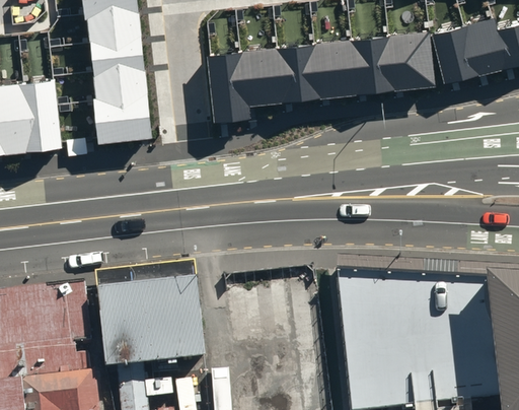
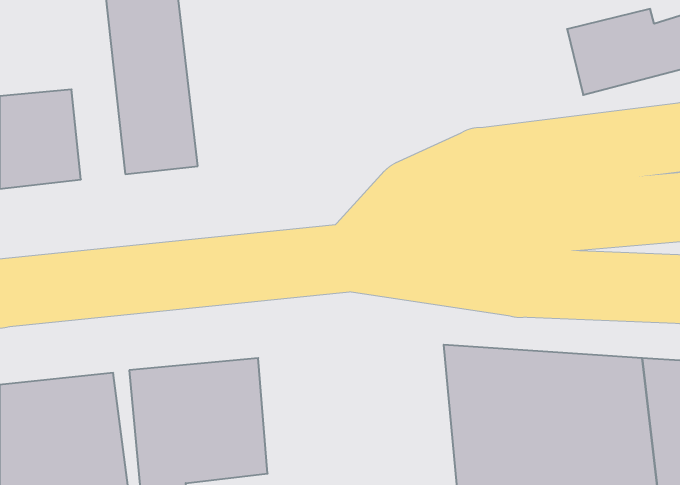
building: [205,31,433,123] -> none

